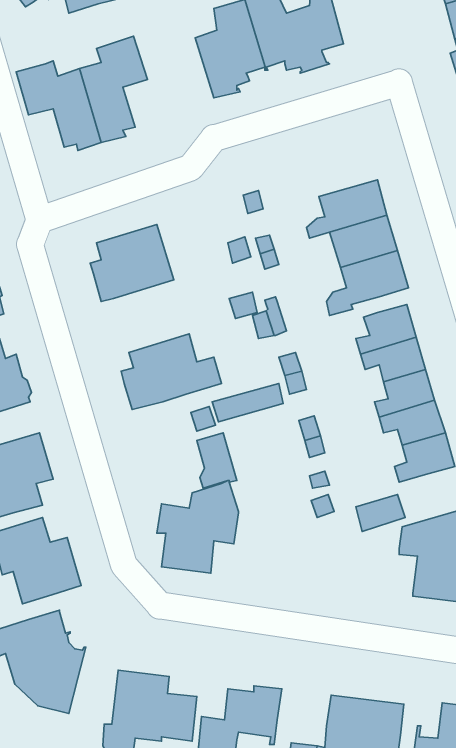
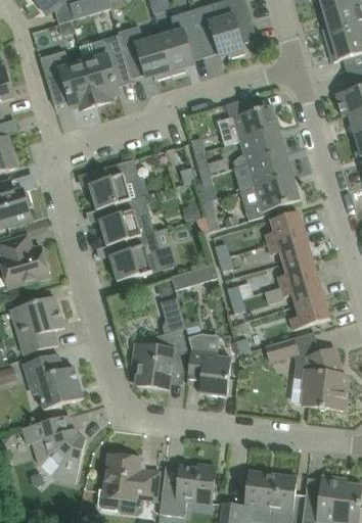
building: none -> [118,26,171,80]
building: none -> [218,97,279,145]
building: none -> [99,195,154,245]
building: none -> [187,333,231,395]

